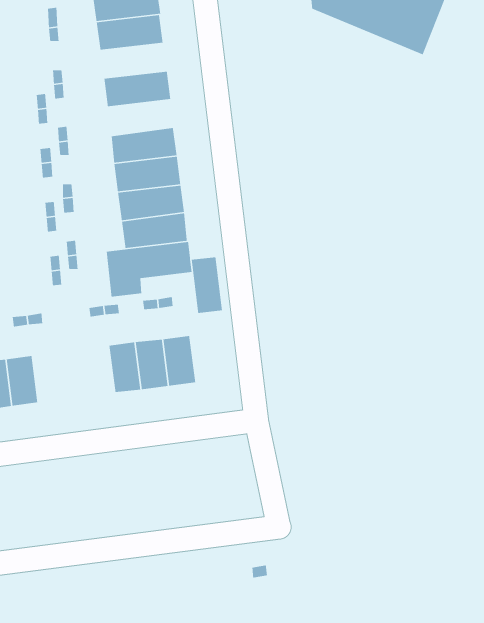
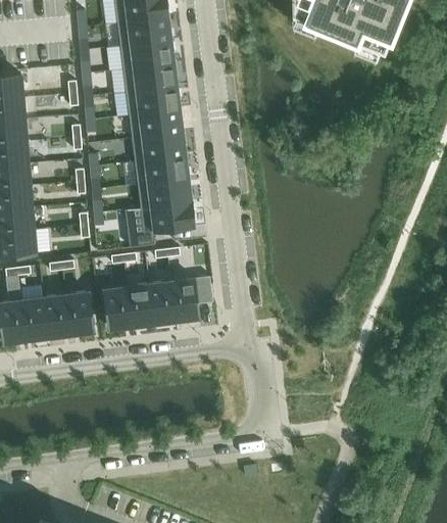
building: none -> [106,41,176,72]
building: none -> [127,87,181,116]
building: [191,257,223,314] -> none
building: none -> [105,287,133,329]
building: none -> [65,292,94,334]

